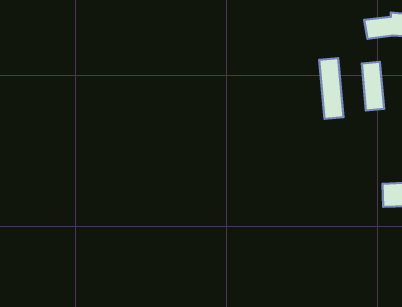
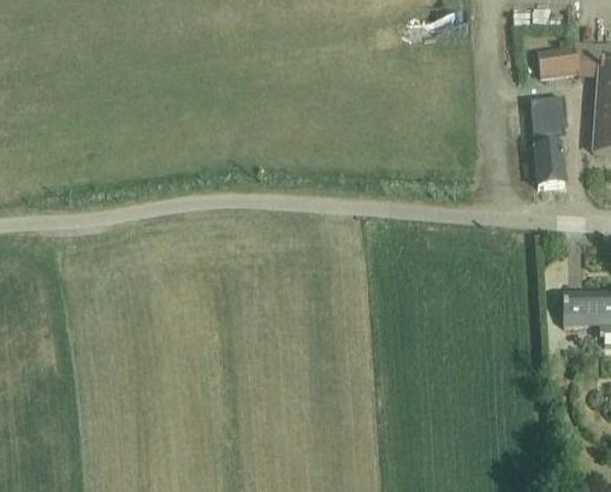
building: [319,58,343,119] -> none

